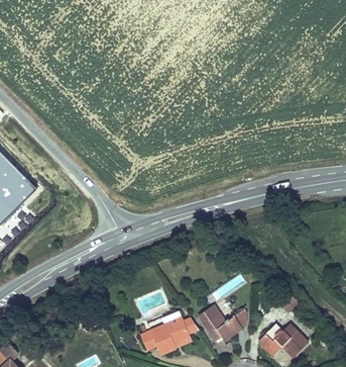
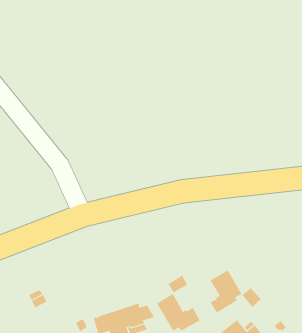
building: none -> [210,270,242,314]

